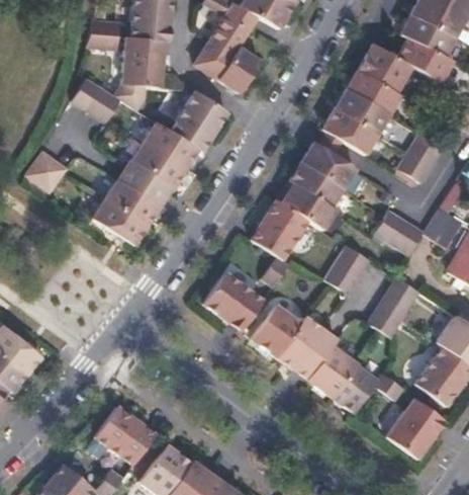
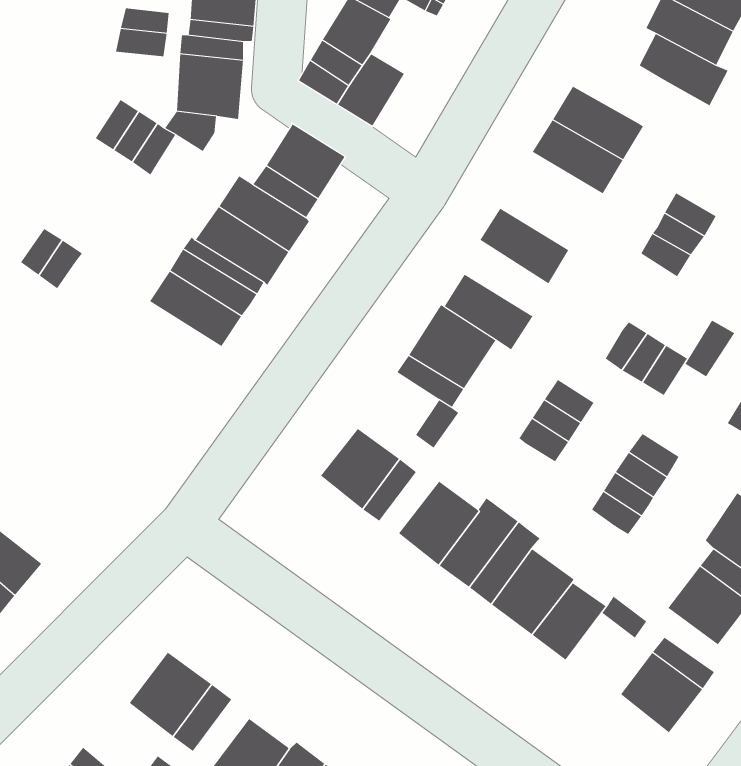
building: [358,43,412,91] -> none
building: [322,108,376,154] -> none
building: [290,161,344,205] -> none
building: [91,197,149,246] -> none

